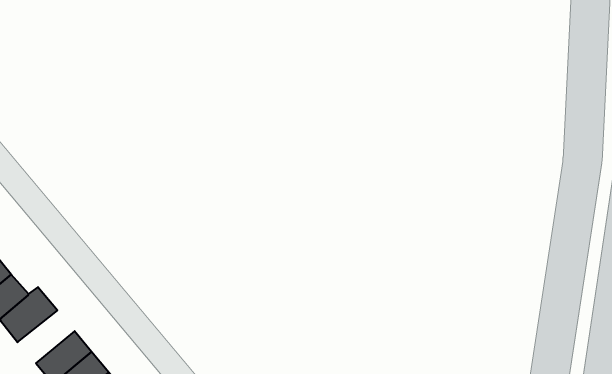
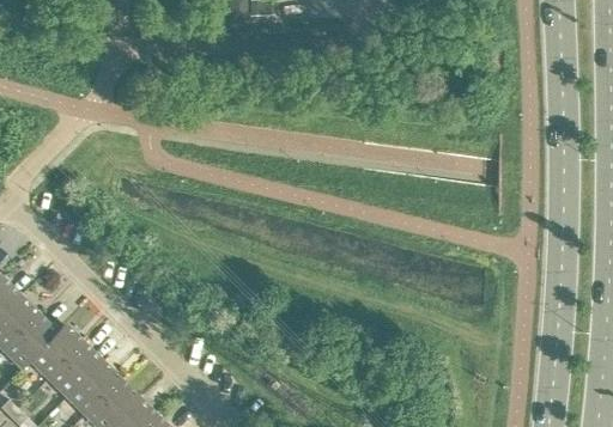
building: none -> [49,347,102,398]

